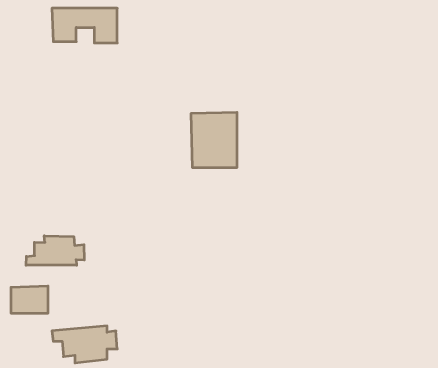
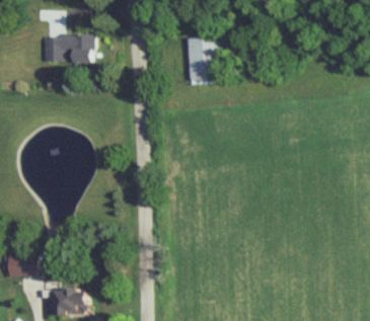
building: [191,112,237,167] -> [186,37,222,81]
building: [26,236,84,265] -> none

